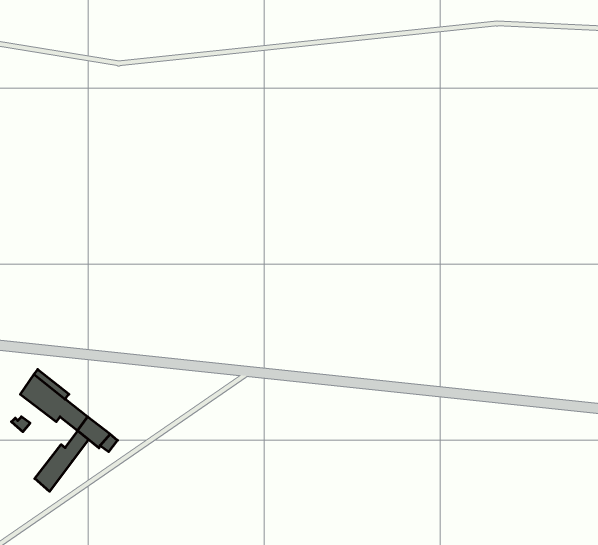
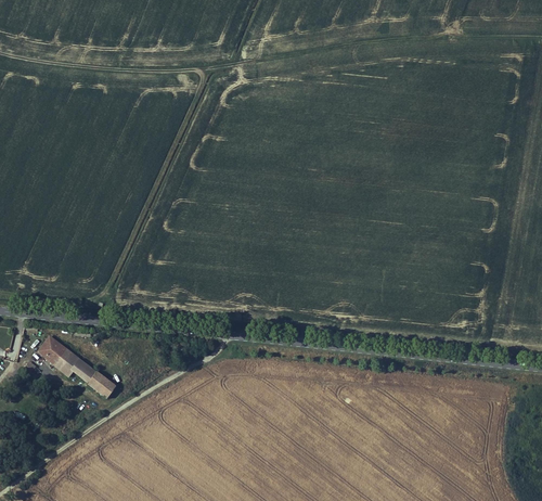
building: [35,431,89,491] -> none

